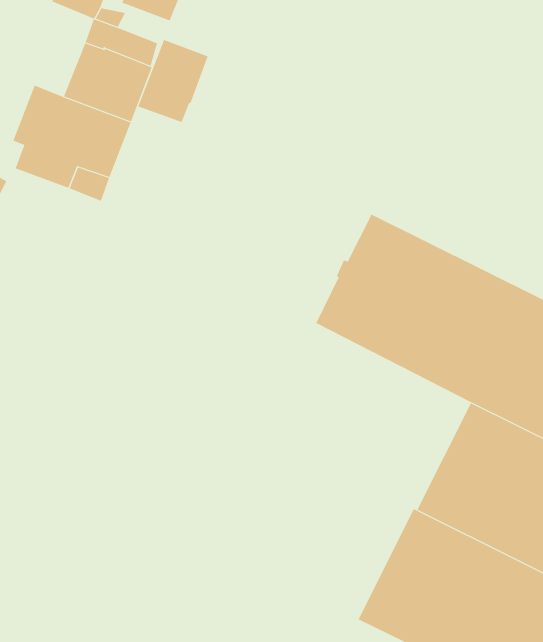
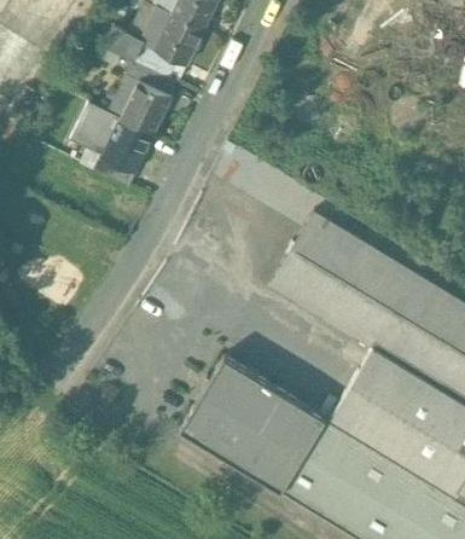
building: [137,39,209,123] -> none
building: none -> [180,358,326,493]

